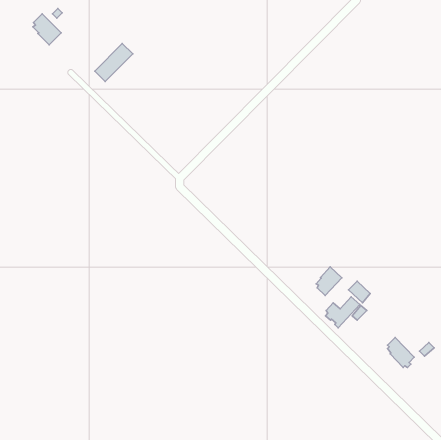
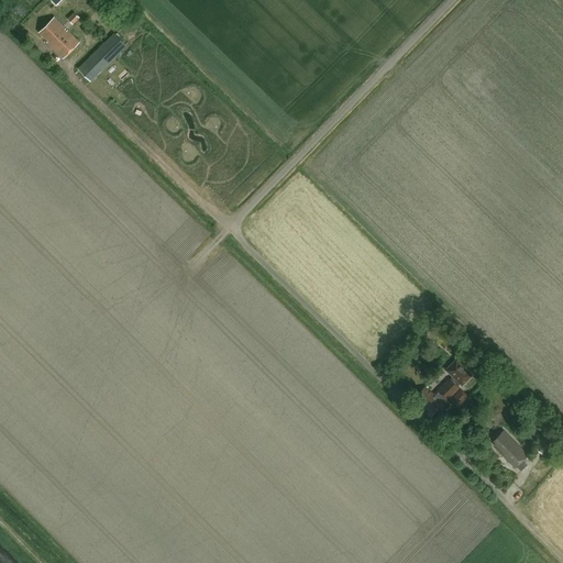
building: [95,44,133,82] -> [78,33,126,81]
building: [316,267,342,295] -> none

